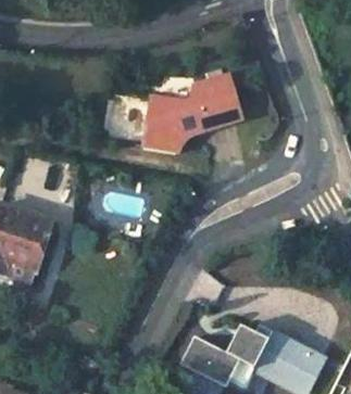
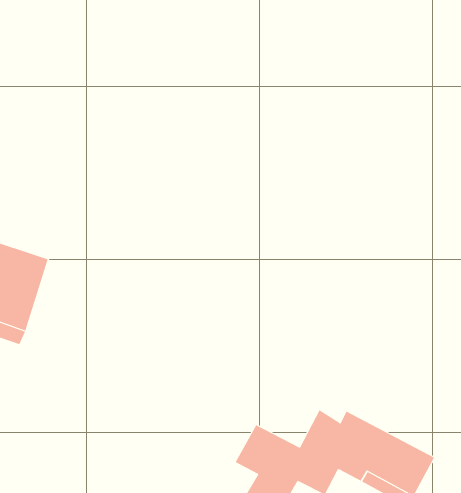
building: [143,74,238,151] -> none

